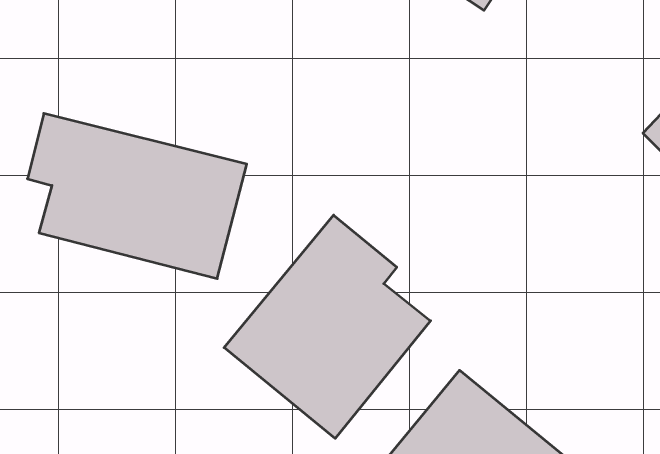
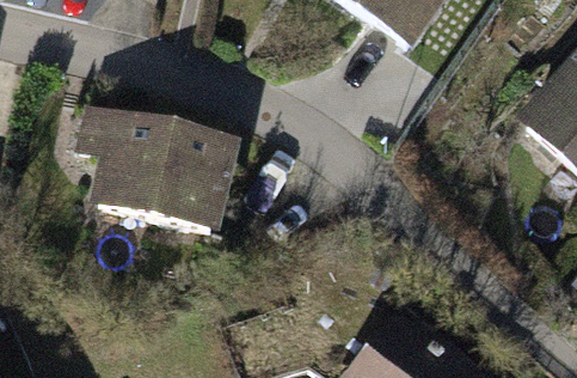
building: [224,215,431,438] -> none

